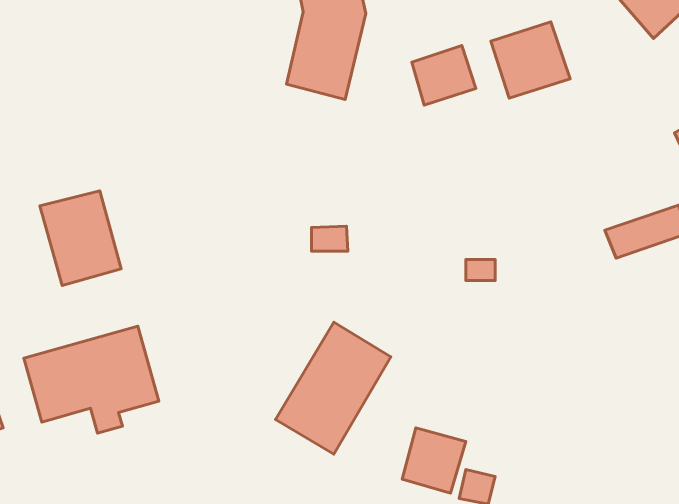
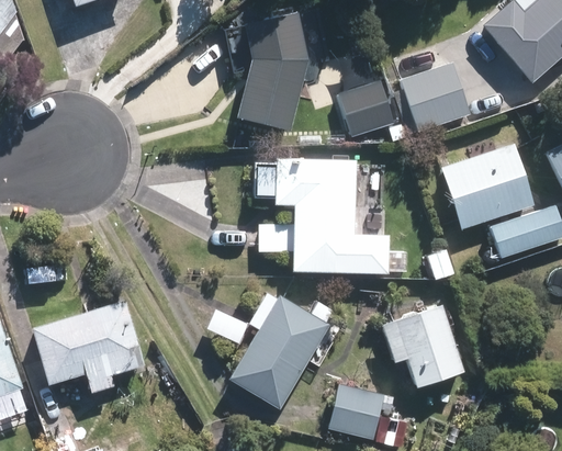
building: none -> [446,150,530,224]
building: none -> [278,162,352,271]
building: [40,191,121,286] -> none
building: none -> [386,312,460,385]

